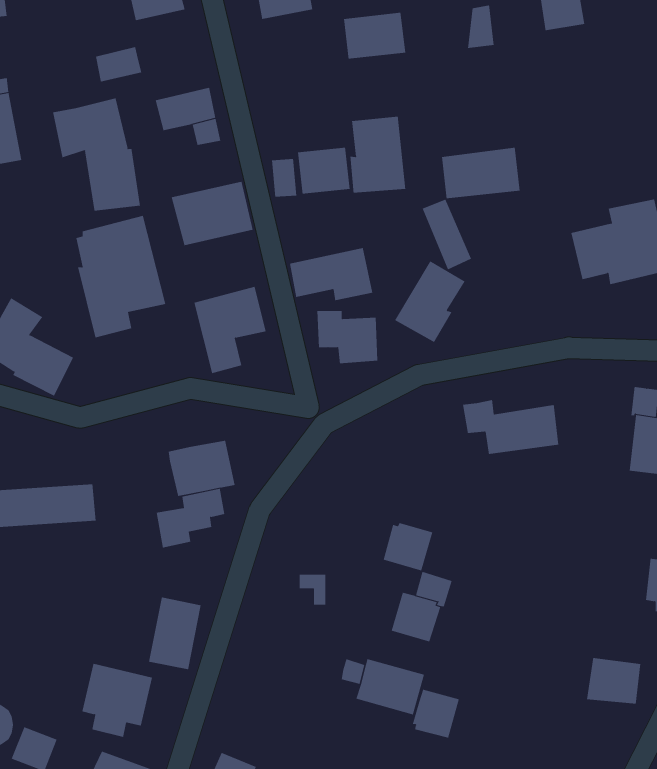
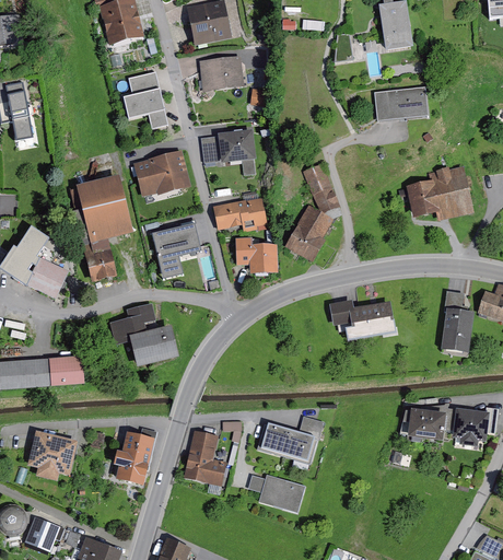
building: [343,12,406,59] -> [200,56,243,88]
building: [95,47,142,82] -> [128,70,160,94]
building: [52,97,140,212] -> none
building: [350,116,406,194] -> none
building: [441,147,520,199] -> [372,85,425,120]
building: none -> [82,250,115,284]
building: [156,488,225,548] -> [108,304,155,345]
building: [383,523,433,571] -> [256,422,290,455]
building: none -> [184,430,226,483]
building: [586,657,641,704] -> [409,407,446,439]
building: [82,663,153,737] -> [28,430,77,480]
building: [412,689,460,738] -> none

